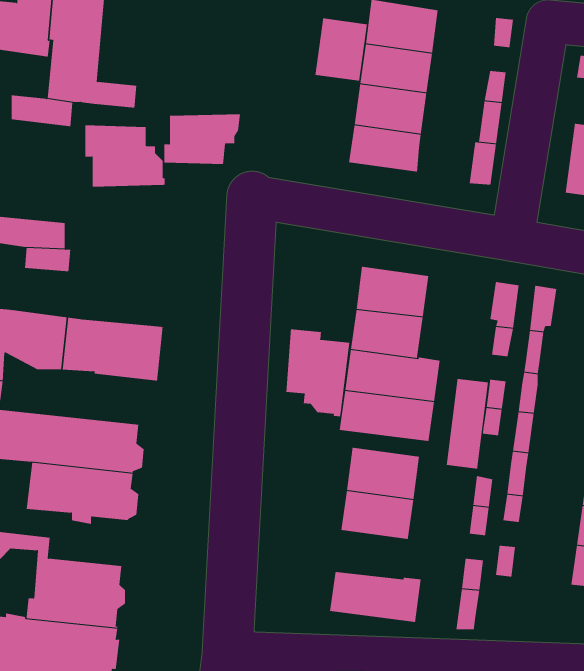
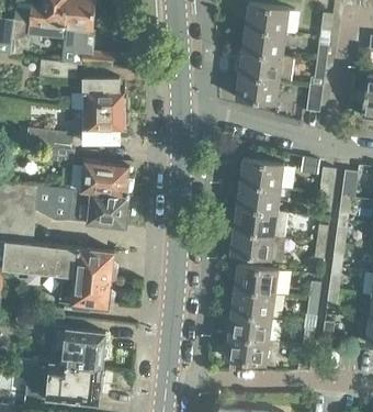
building: [315,17,368,82] -> none
building: [164,114,241,165] -> [82,112,127,142]
building: none -> [80,159,128,194]
building: [286,329,350,417] -> none
building: [446,378,488,469] -> none
building: none -> [227,313,270,342]

